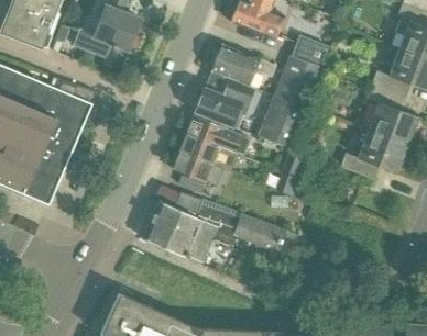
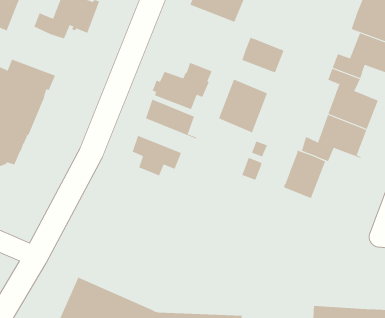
building: [292,36,327,67] -> none
building: [209,45,275,89] -> none
building: [273,78,315,111] -> none
building: [177,136,237,170] -> none
building: none -> [283,150,326,199]
building: [142,192,297,267] -> none

